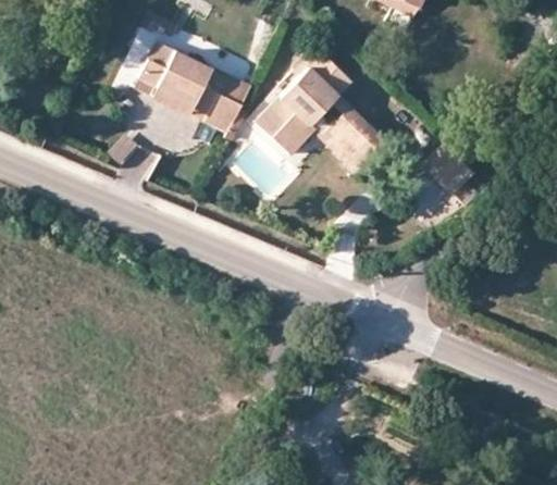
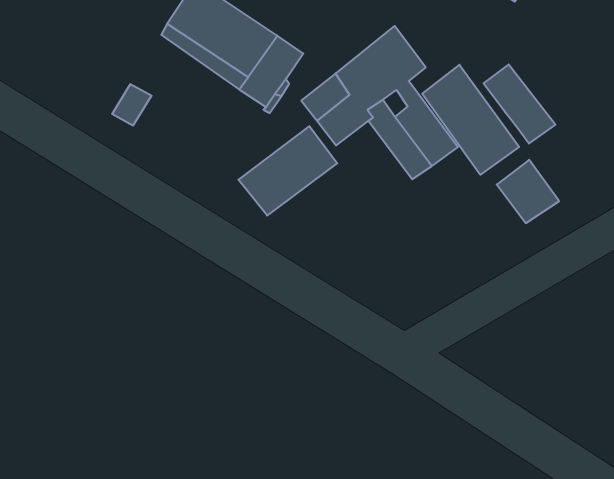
building: none -> [484,64,555,144]
building: none -> [422,65,519,175]
building: none -> [238,126,337,216]

